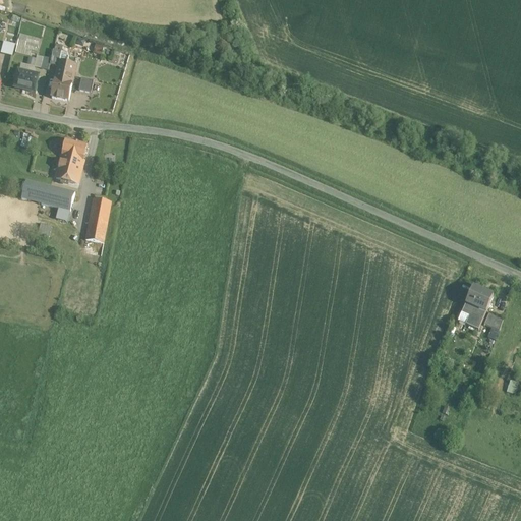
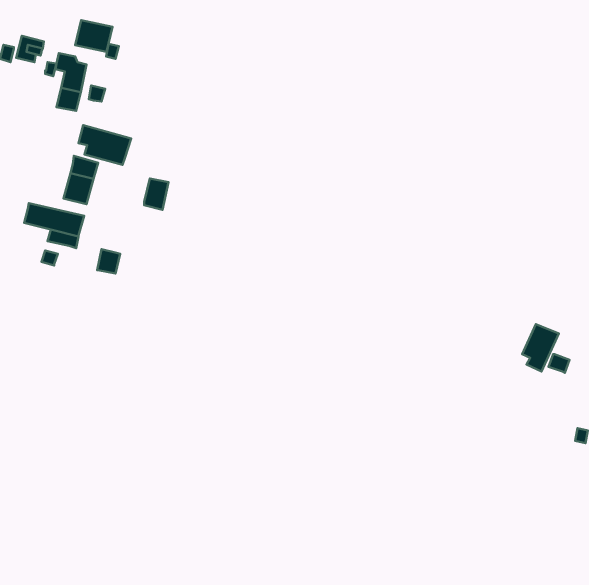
building: none -> [75,20,113,52]
building: [13,68,38,90] -> none
building: none -> [78,125,131,165]
building: [90,196,111,224] -> [144,179,168,210]

